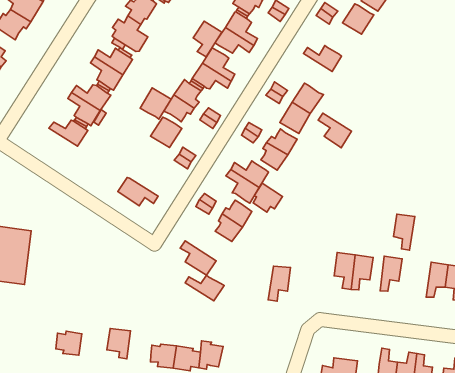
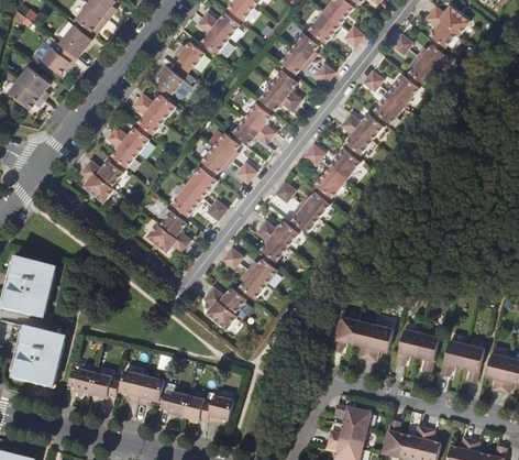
building: [193,21,222,57] -> none
building: none -> [373,91,405,123]
building: [140,88,171,119] -> [170,184,202,216]
building: [318,113,351,148] -> [340,118,372,154]
building: none -> [80,165,114,201]
building: none -> [159,209,190,244]
building: [253,183,282,212] -> none
building: [394,214,415,250] -> [416,332,439,370]
building: [268,266,290,301] -> [332,316,357,351]
building: [185,275,224,301] -> [208,286,246,313]
building: none -> [18,327,66,387]
building: none -> [137,375,164,404]
building: none -> [90,373,119,398]
building: none -> [335,404,371,429]

